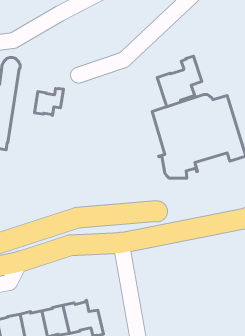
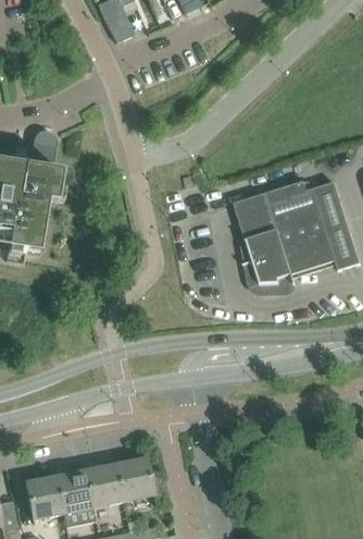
building: [157,56,202,107] -> none
building: [34,88,64,116] -> none

